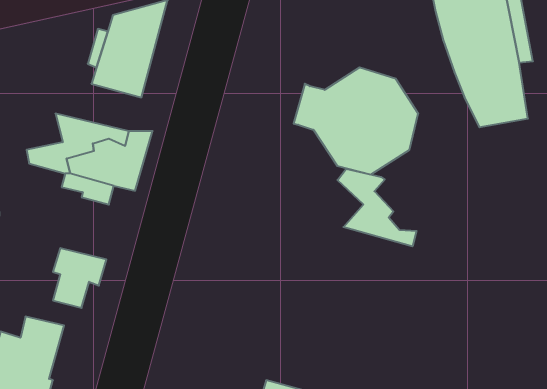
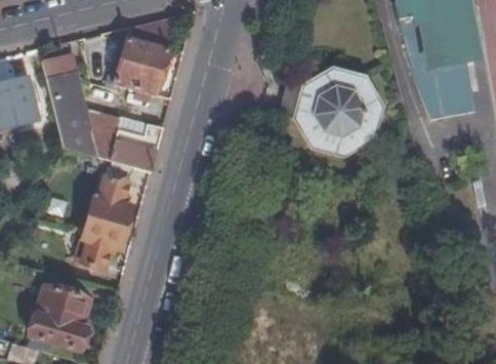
building: none -> [47,70,91,136]
building: [337,169,417,246] -> none
building: none -> [89,175,132,227]

